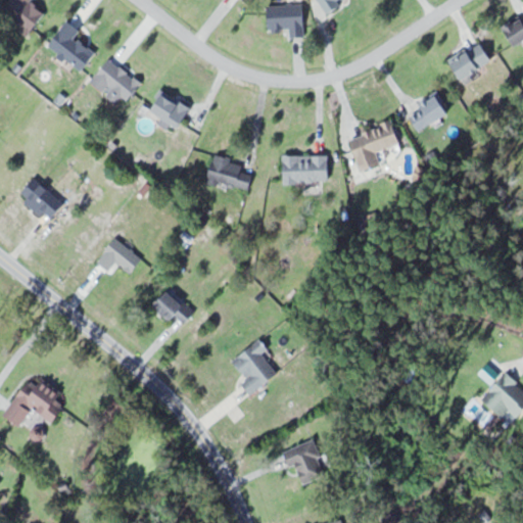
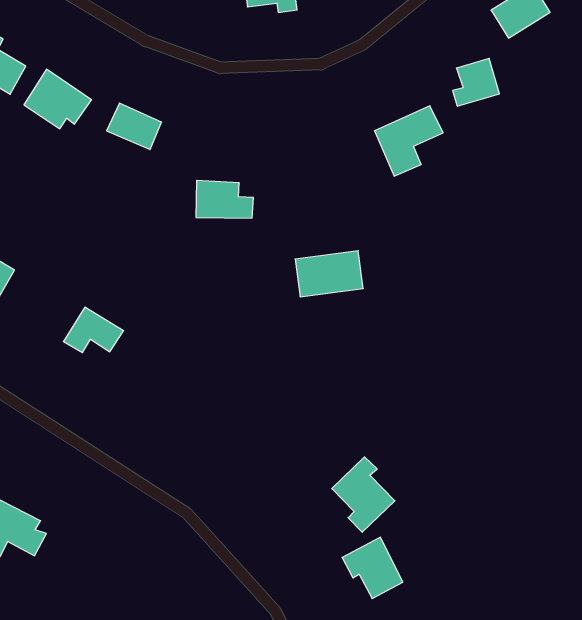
building: [280,154,328,183] -> [295,251,363,297]
building: [158,291,192,325] -> none
building: [231,340,277,396] -> [332,457,395,532]

